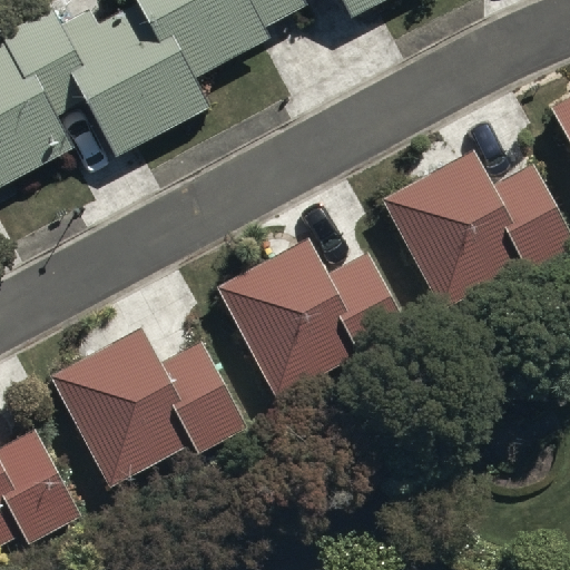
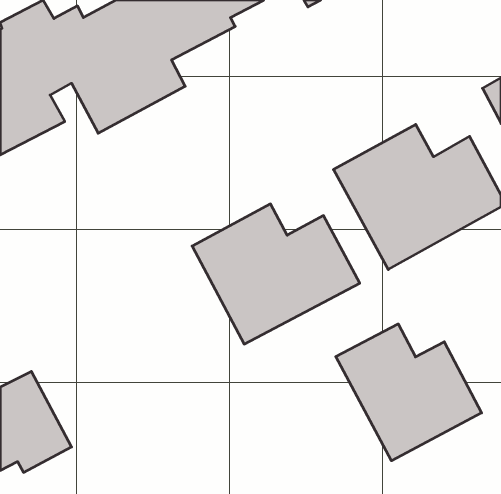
building: [49,326,246,484] -> none
building: none -> [336,324,482,461]

